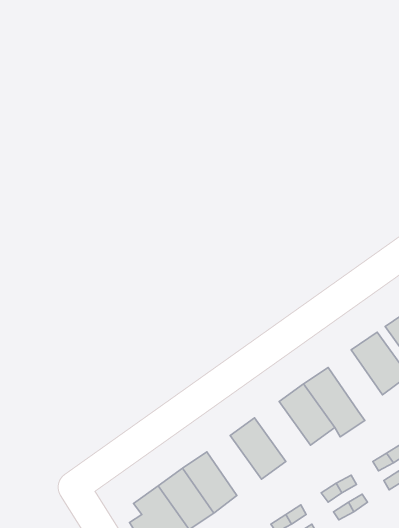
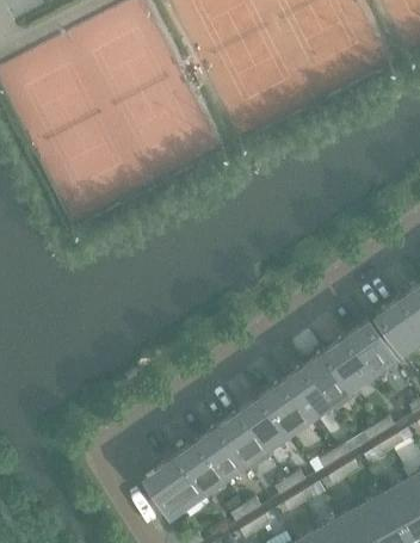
building: none -> [325,338,372,391]
building: none -> [260,383,309,436]
building: none -> [218,413,272,474]

